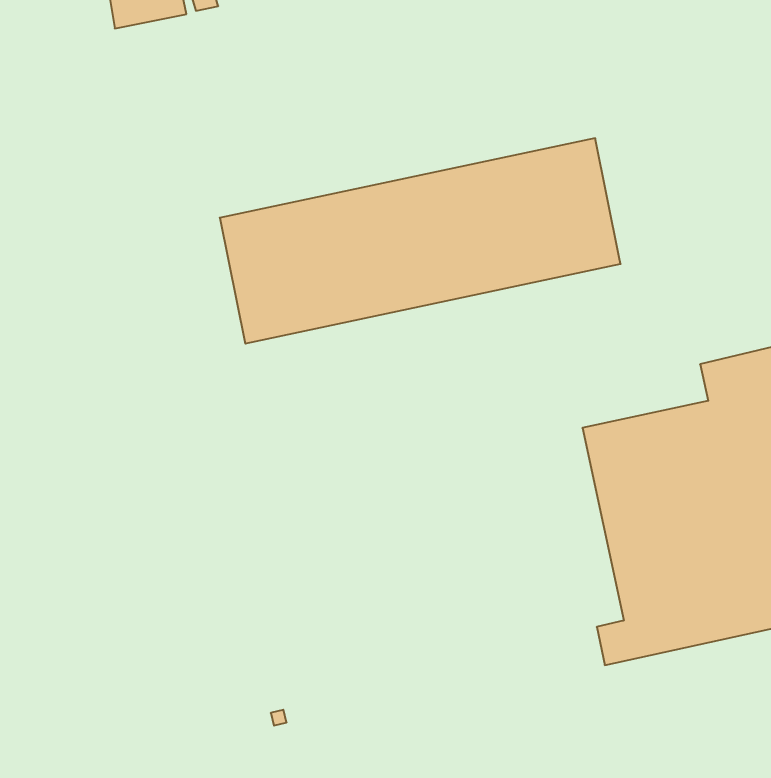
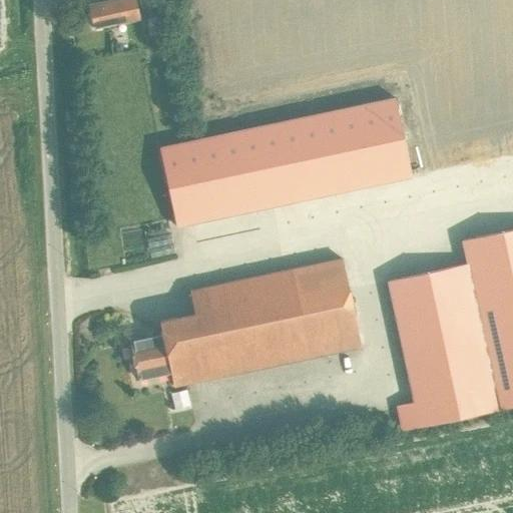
building: none -> [130,259,362,387]

